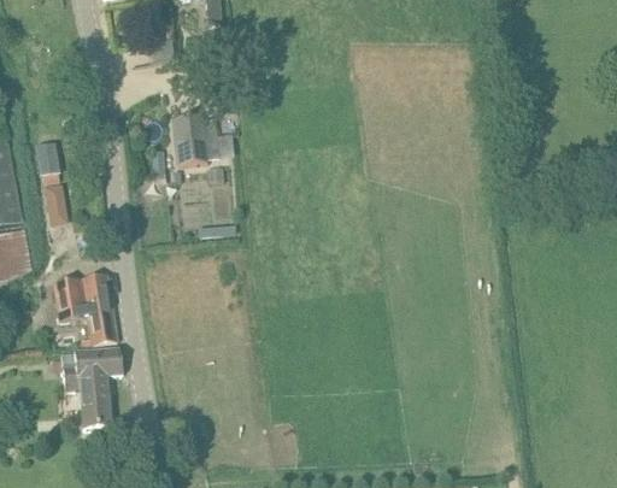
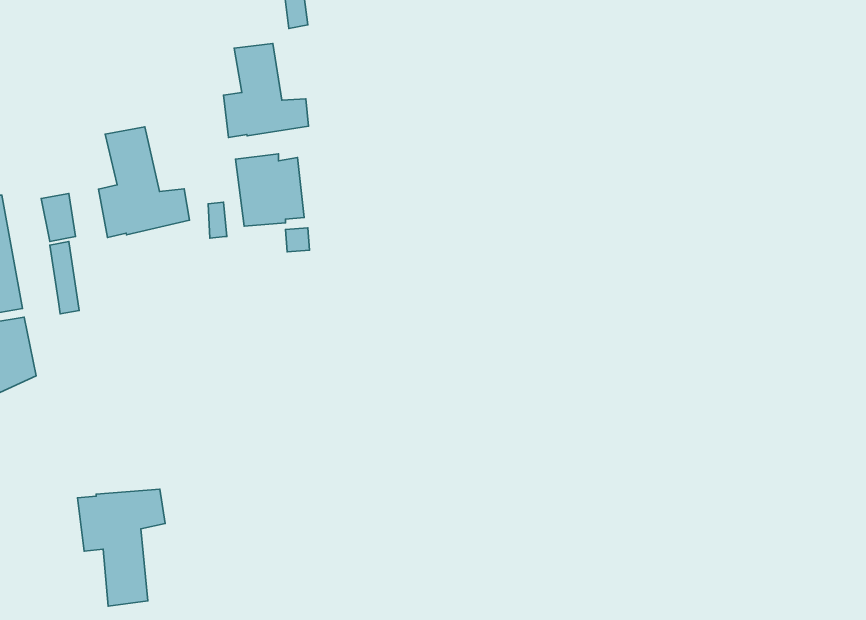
building: none -> [223,44,308,137]
building: none -> [98,127,189,237]
building: [54,272,118,345] -> none

